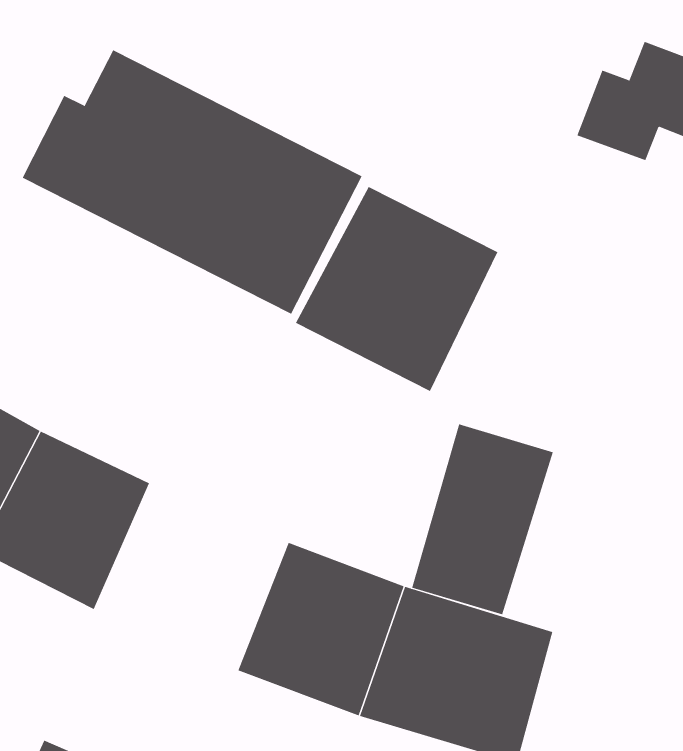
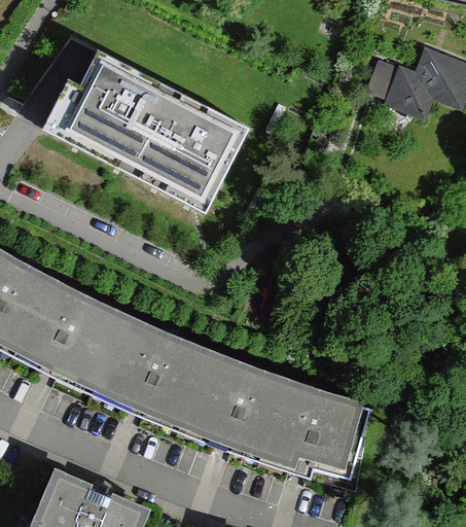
building: [295,186,498,392] -> none
building: [411,423,554,615] -> none
building: none -> [88,314,207,428]

